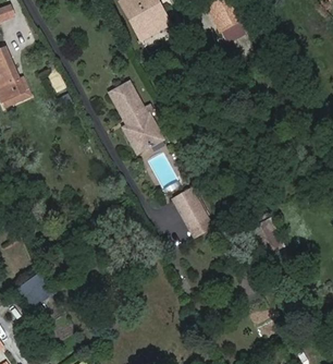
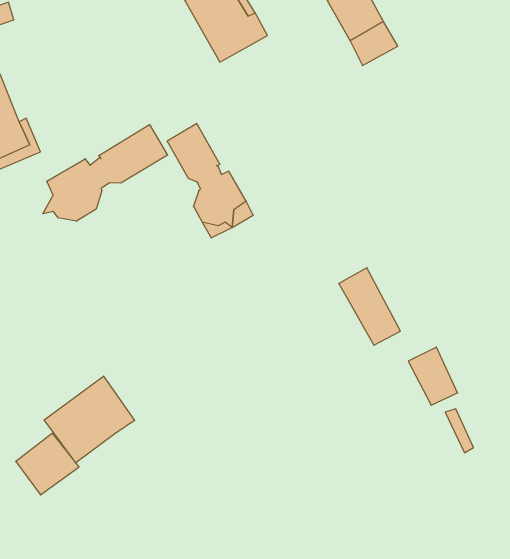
building: none -> [43,125,168,221]
building: [173,187,211,235] -> [339,268,400,345]
building: none -> [44,376,135,463]

